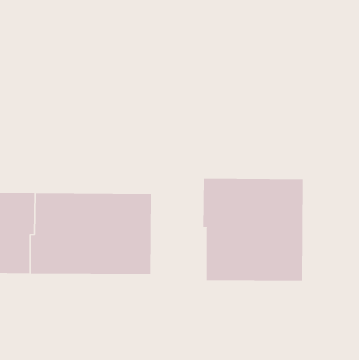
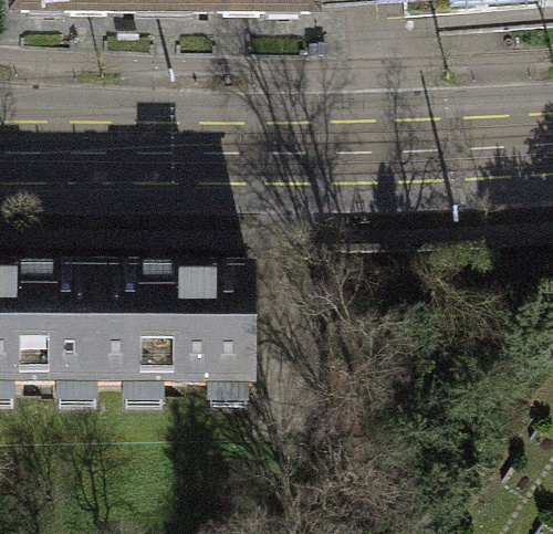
building: [203,178,303,281] -> none

